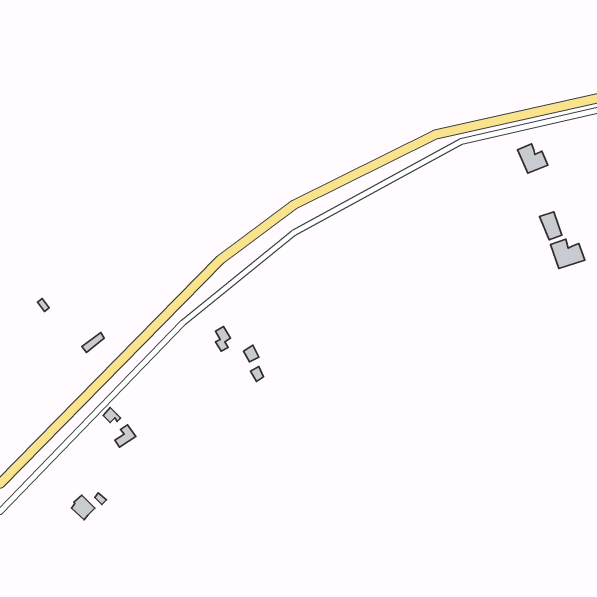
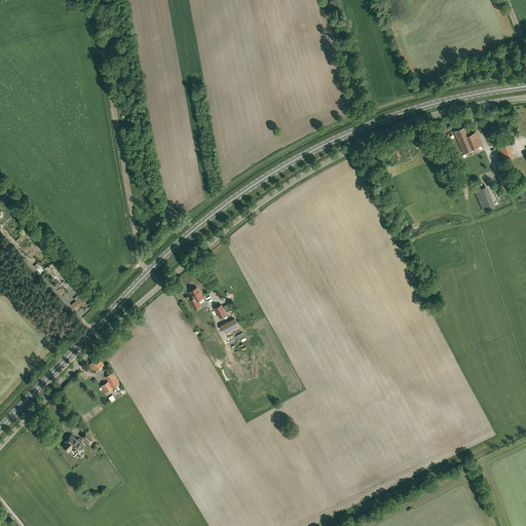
building: [550,239,585,268] -> none

